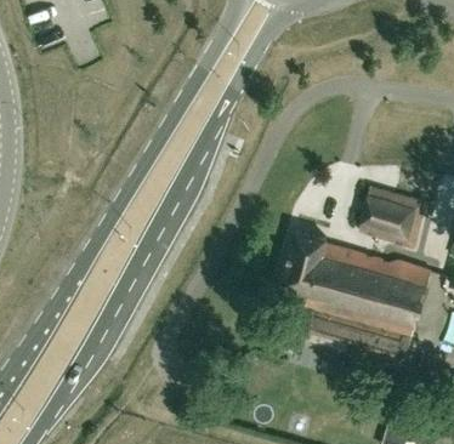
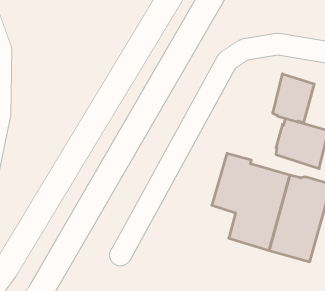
building: none -> [273,74,314,123]

